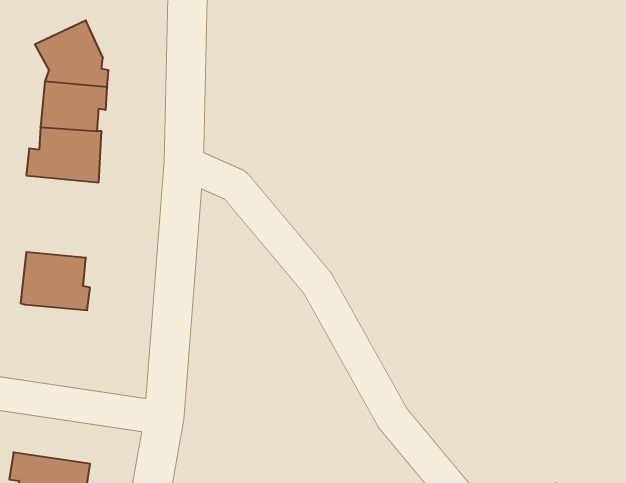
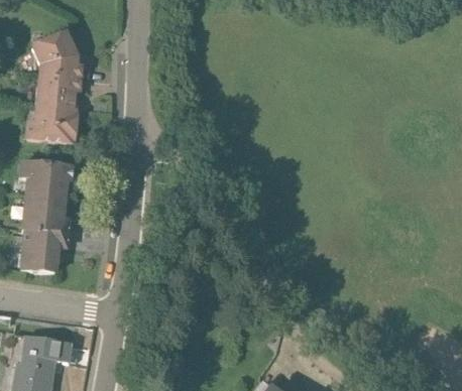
building: none -> [19,158,74,196]
building: none -> [21,229,69,272]

